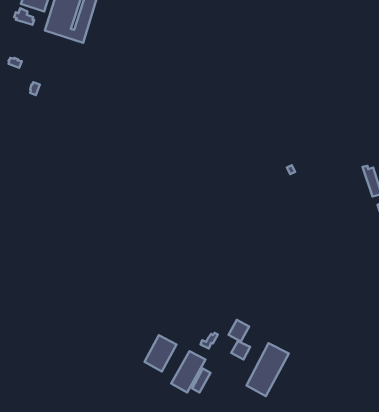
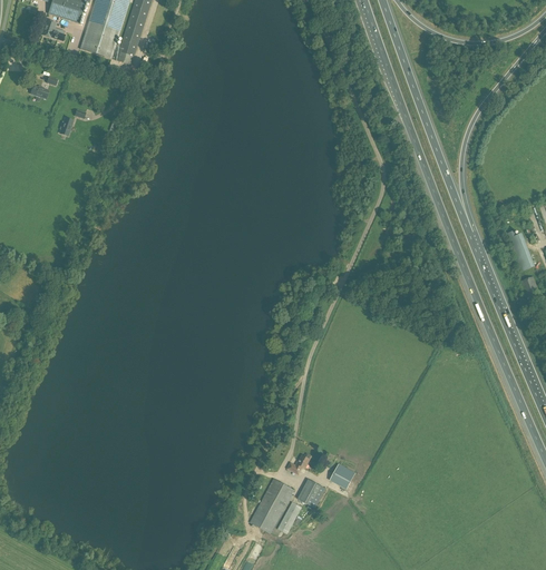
building: [229,320,249,341] -> [298,478,325,507]
building: [145,335,177,371] -> none
building: [247,343,289,396] -> none

